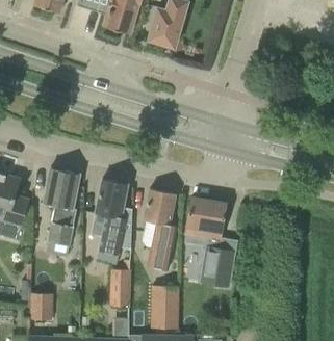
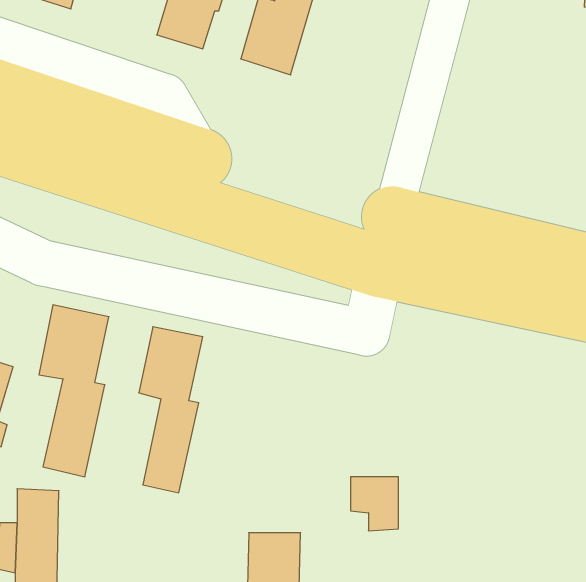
building: [144,187,176,265] -> none
building: [185,196,226,243] -> none
building: [109,267,130,305] -> none

